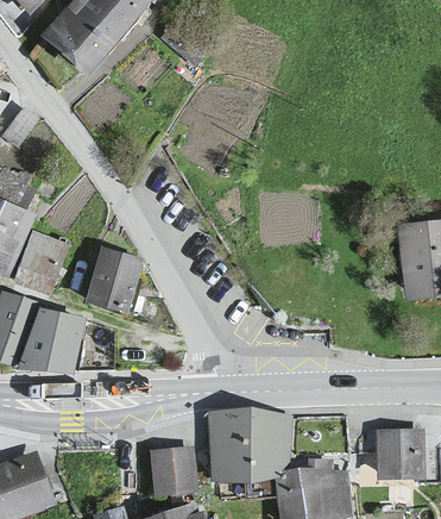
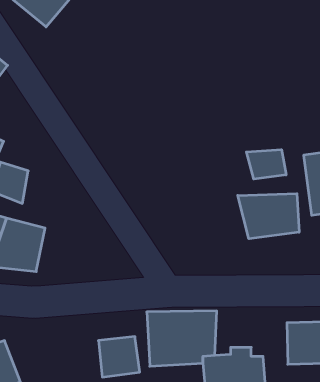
building: none -> [246,150,286,179]
building: [83,251,144,321] -> none
building: none -> [238,194,299,239]

